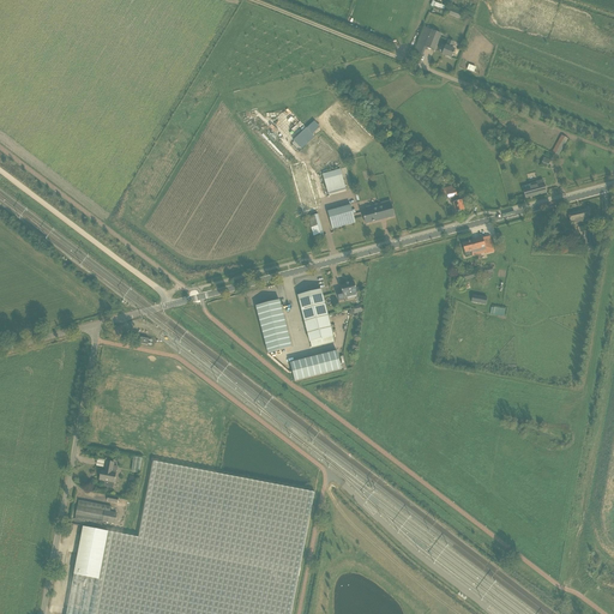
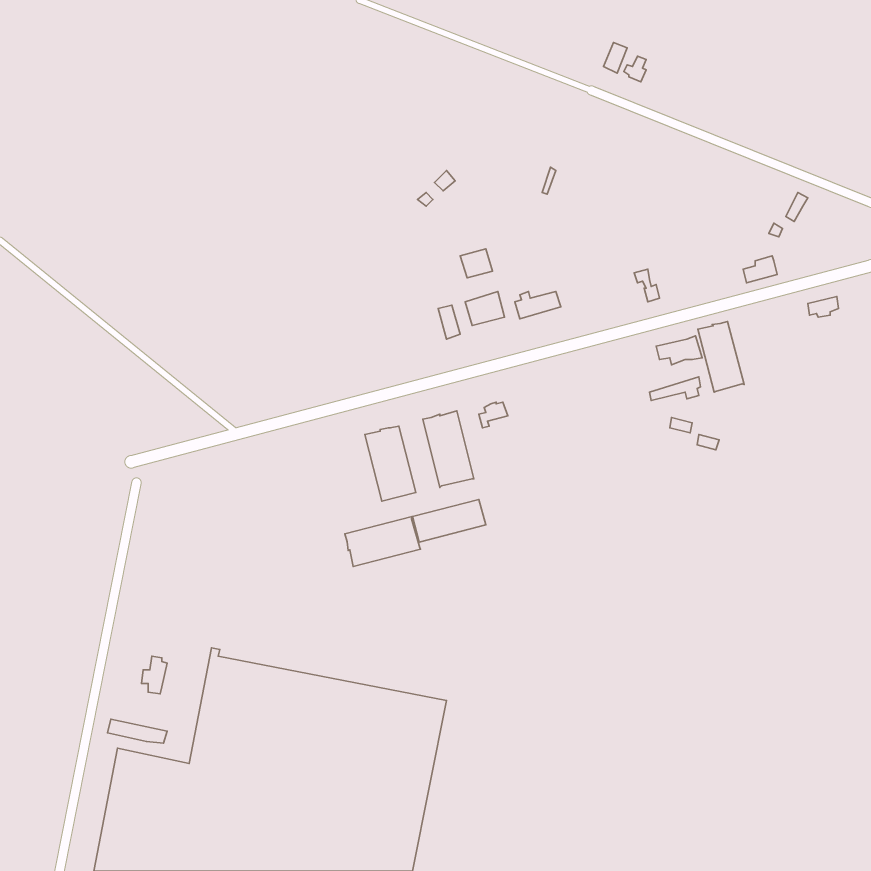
building: none -> [698,321,744,392]
building: none -> [345,517,421,566]

